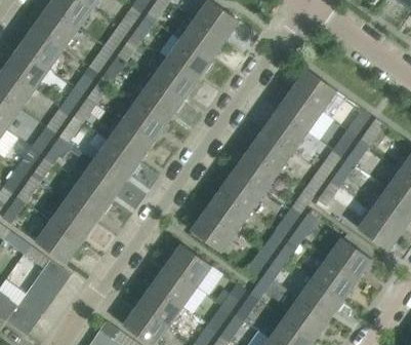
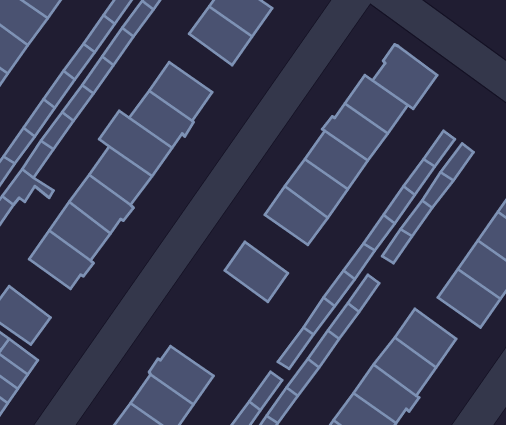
building: [165,39,211,81] -> none
building: none -> [372,44,437,109]
building: [217,169,264,212] -> none
building: [50,201,94,243] -> none
building: [191,209,236,252] -> none
building: [166,243,211,285] -> none

